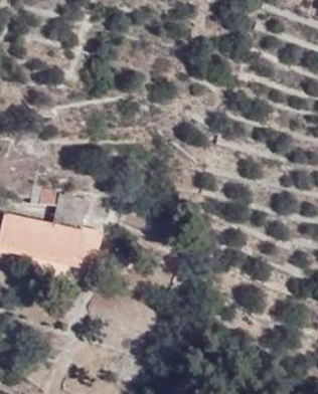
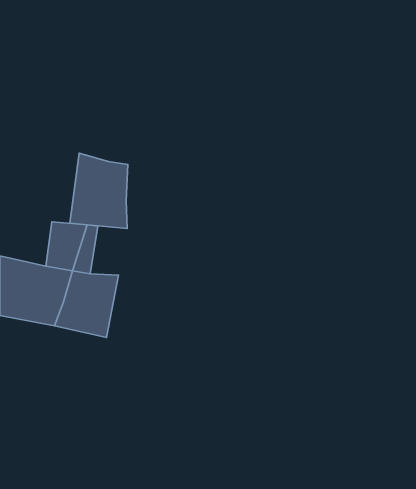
building: none -> [70,153,128,229]

